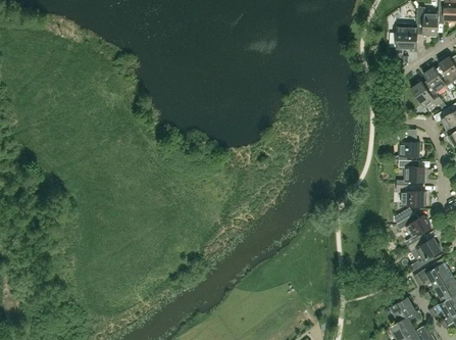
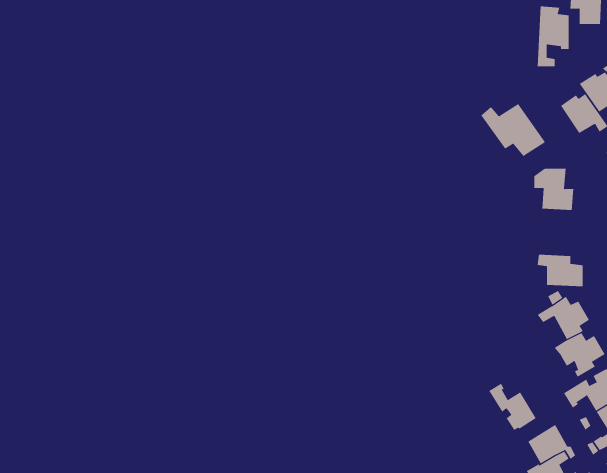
building: none -> [481,103,546,157]
building: [399,160,425,185] -> none
building: none -> [489,383,536,431]

